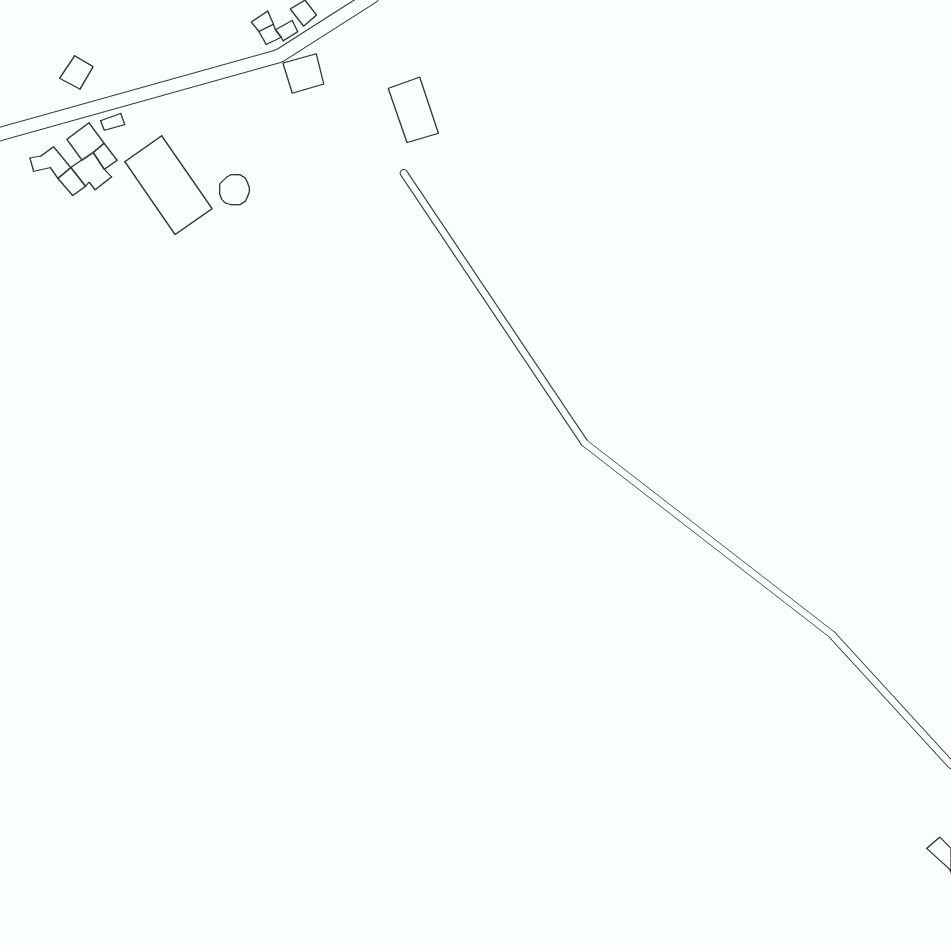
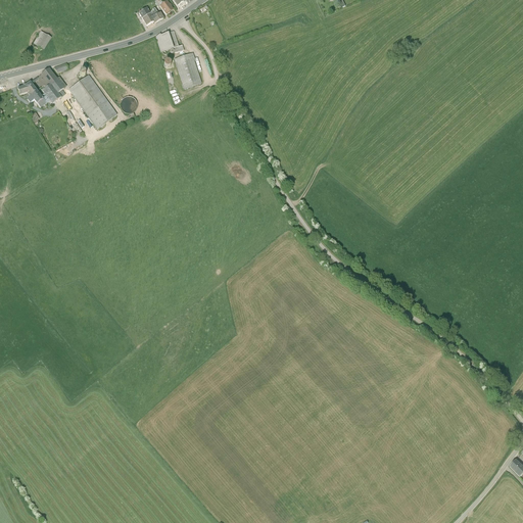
building: [388,77,438,142] -> [175,52,202,88]

